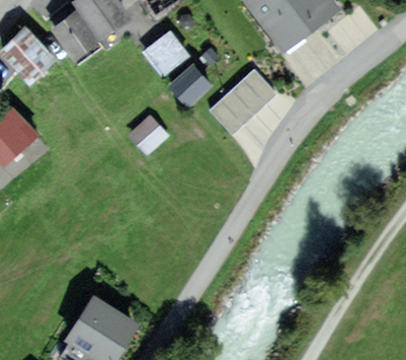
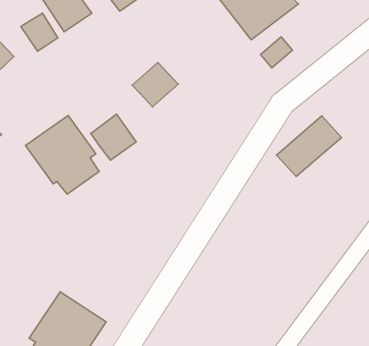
building: [143,33,187,77] -> none
building: [211,73,274,133] -> [277,116,341,177]
building: none -> [26,116,99,194]

